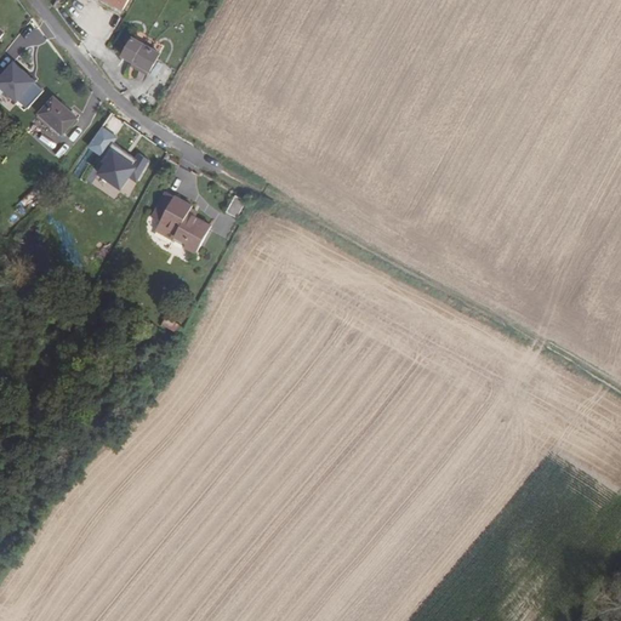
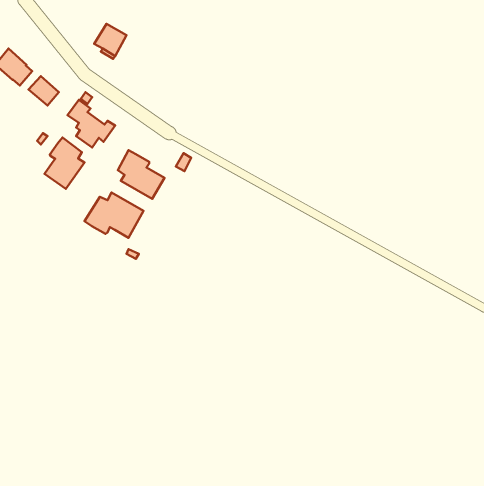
building: none -> [44,137,85,189]
building: none -> [85,192,144,238]

